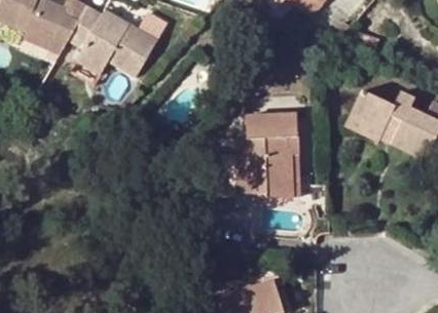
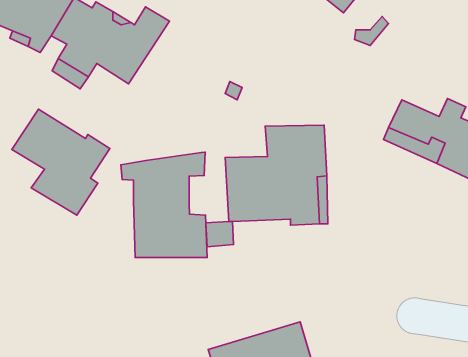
building: none -> [12,109,110,215]
building: none -> [121,152,207,258]

